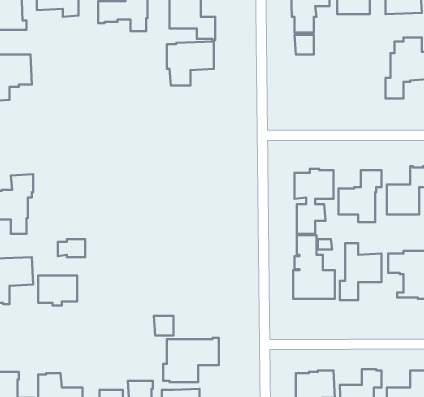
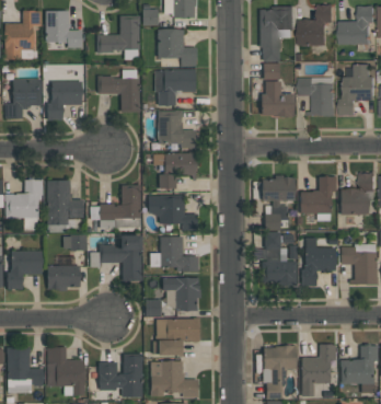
building: none -> [97,69,141,112]
building: none -> [299,78,335,116]
building: none -> [47,81,82,120]
building: none -> [262,81,295,117]
building: none -> [158,109,196,147]
building: none -> [153,151,196,188]
building: none -> [47,180,83,232]
building: none -> [101,184,141,228]
building: none -> [149,194,197,230]
building: none -> [90,234,142,279]
building: none -> [150,236,198,270]
building: none -> [163,277,201,310]

